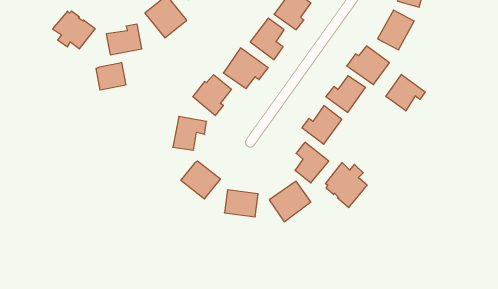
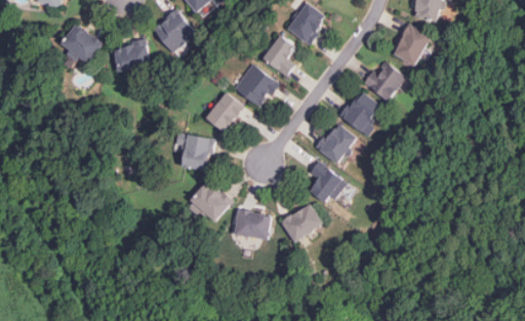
building: [96,62,126,90] -> none
building: [386,74,425,111] -> none
building: [326,163,367,208] -> none

